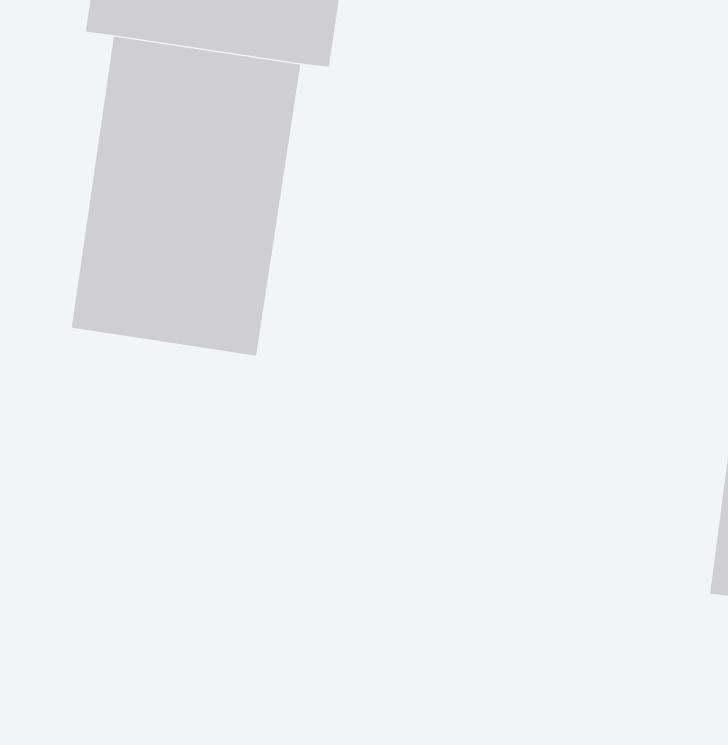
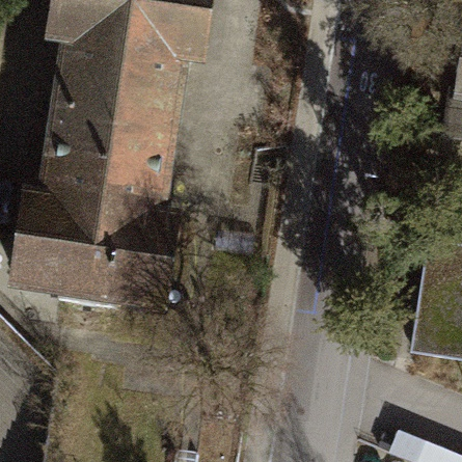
building: none -> [18,200,173,303]

